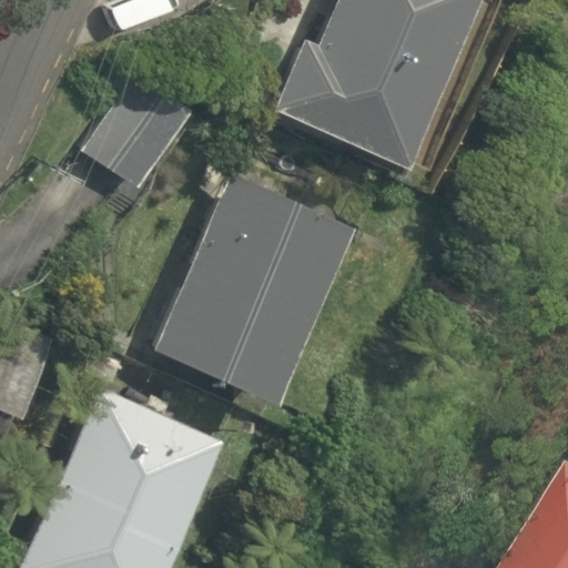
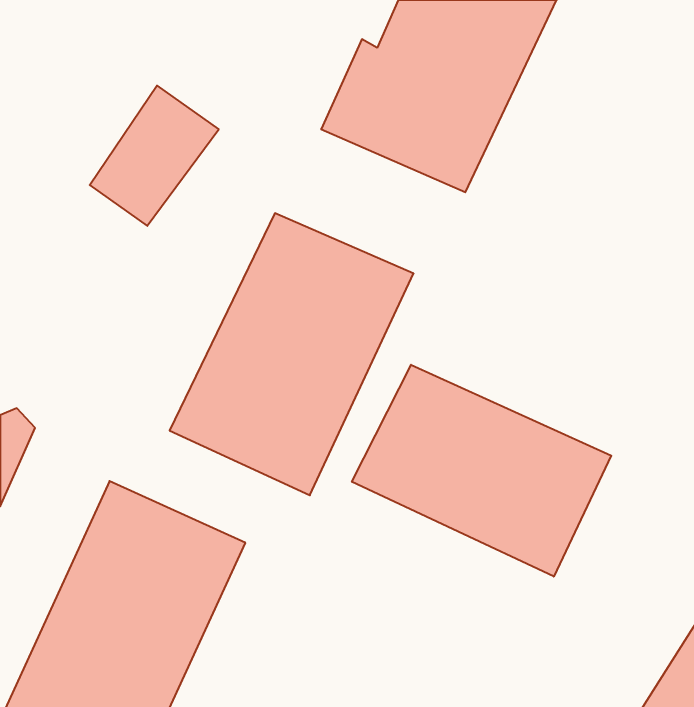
building: none -> [352,365,611,577]

